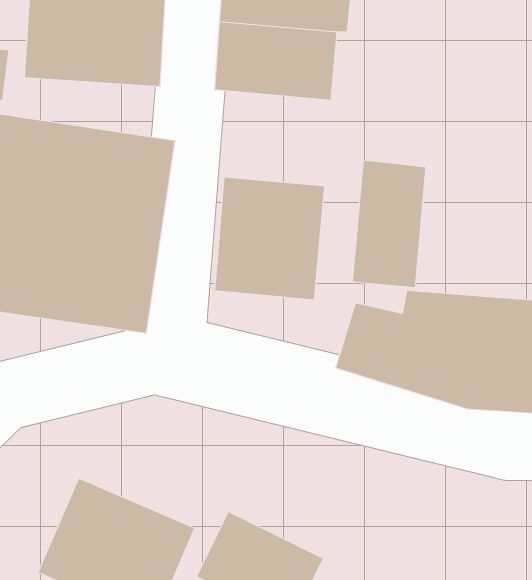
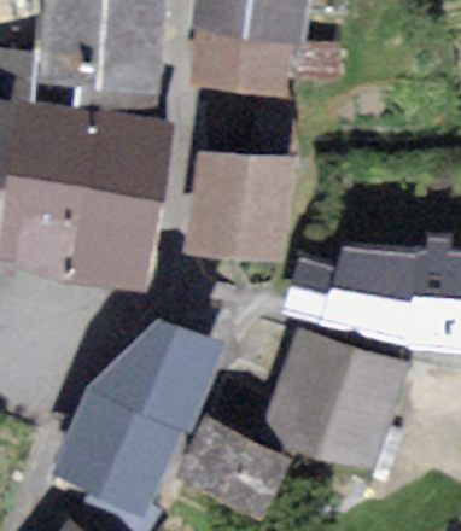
building: [352,160,426,288] -> none
building: none -> [89,320,221,434]
building: none -> [267,333,402,460]

